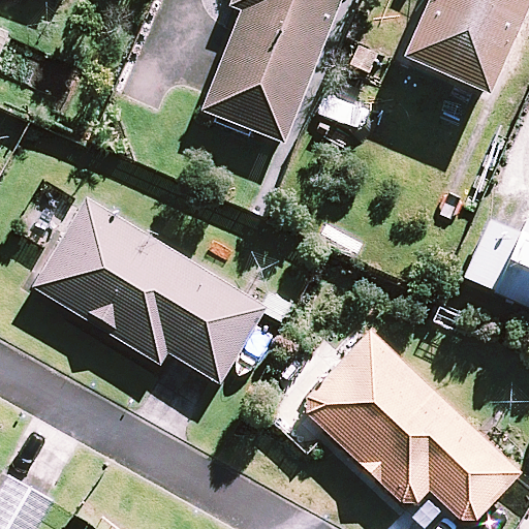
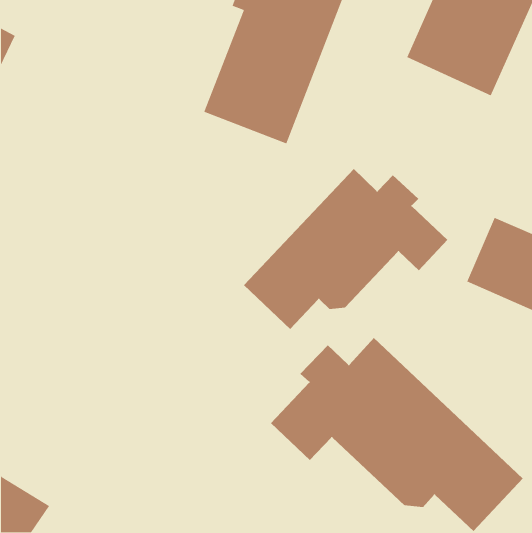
building: none -> [243,168,448,330]
building: [33,200,264,382] -> none

